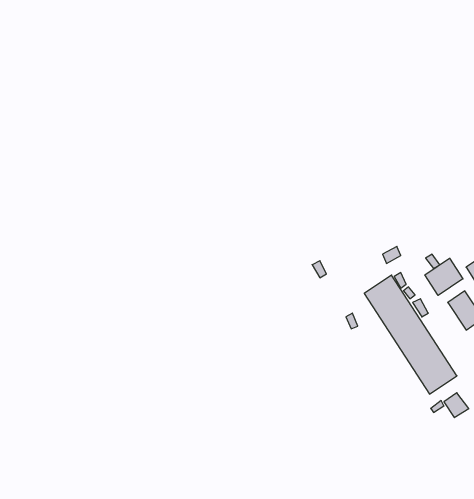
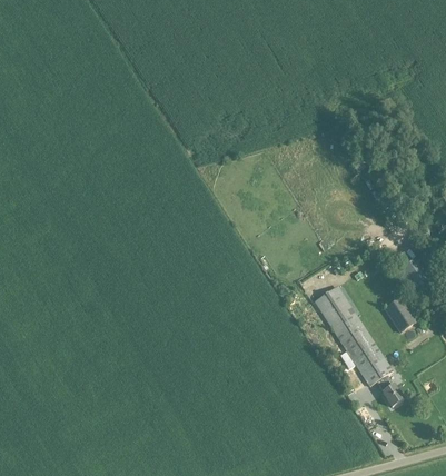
building: [425,258,463,295] -> none

